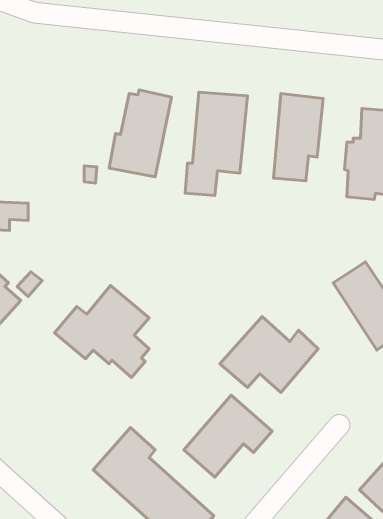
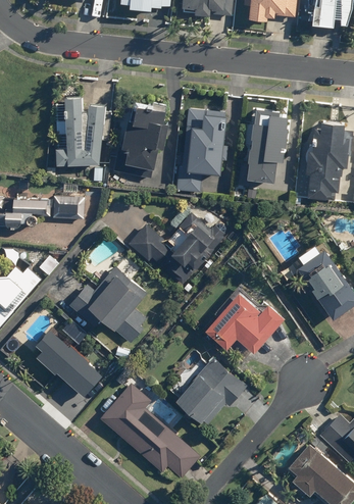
building: none -> [55,97,105,166]
building: none -> [53,196,84,218]
building: none -> [129,212,226,284]
building: none -> [39,337,101,397]

